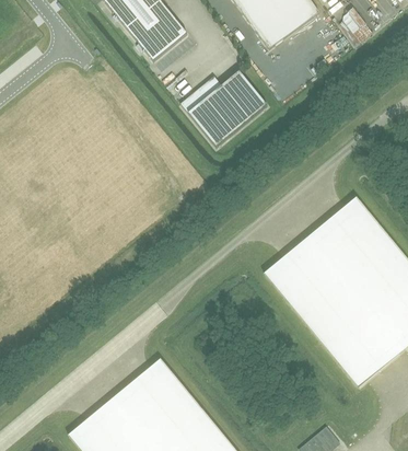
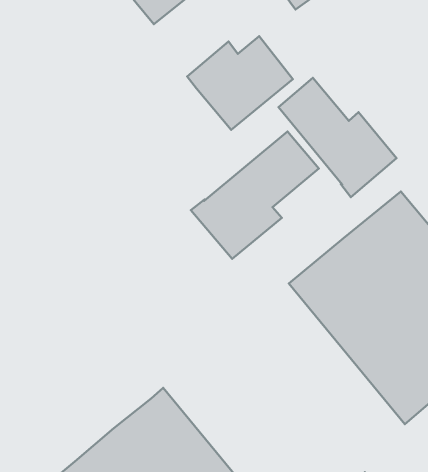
building: none -> [278,78,397,197]
building: none -> [191,132,319,259]

